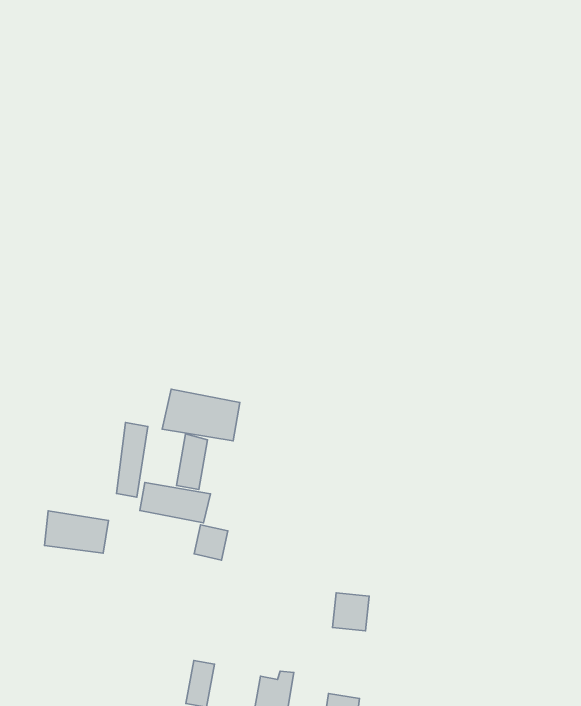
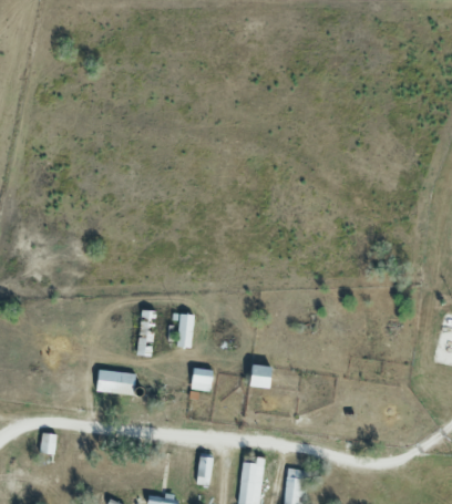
building: [162,389,240,441] -> none
building: [140,483,210,523] -> none
building: [333,593,369,631] -> [250,364,271,387]

